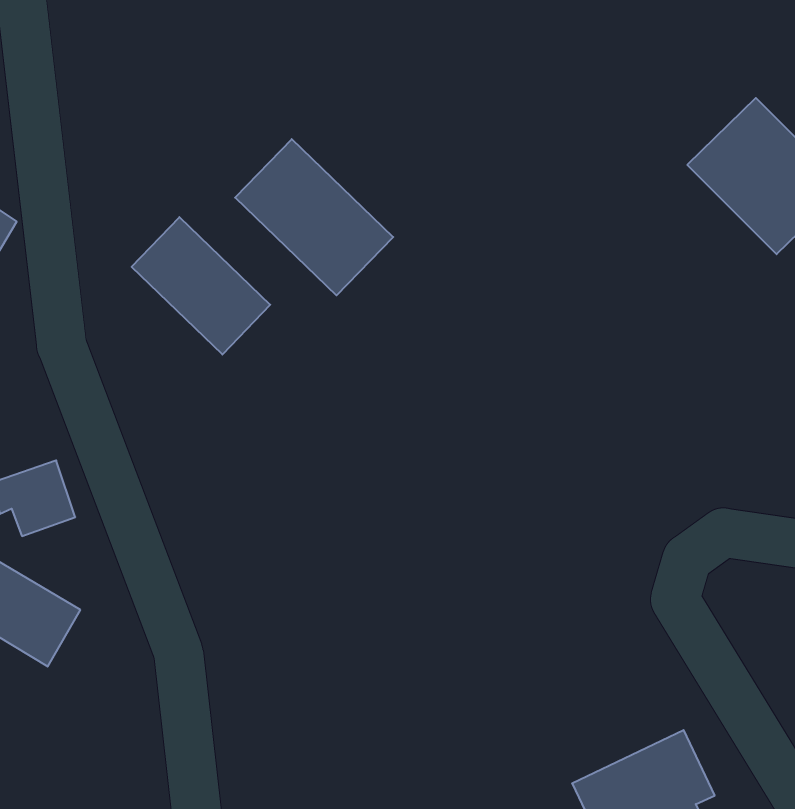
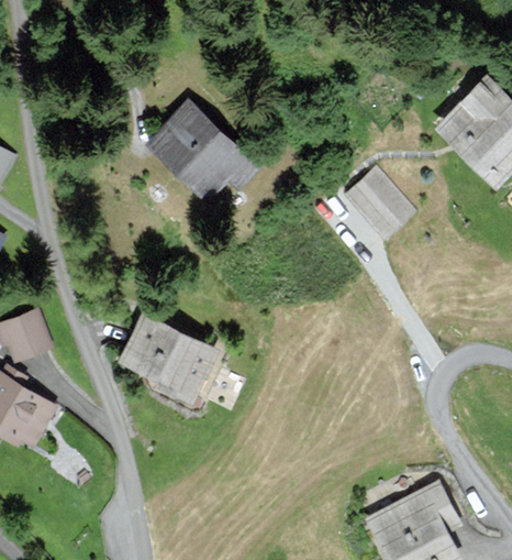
building: [132,217,270,355] -> none
building: none -> [350,172,410,232]
building: none -> [125,316,218,400]

